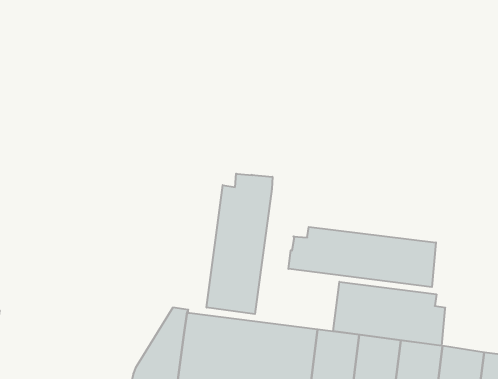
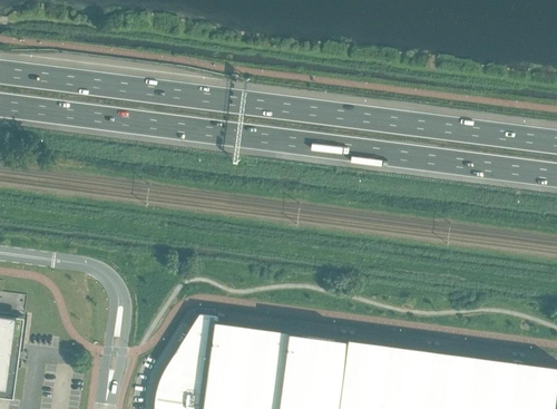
building: [207,174,272,314] -> none
building: [288,227,436,287] -> none
building: [333,282,445,346] -> none

